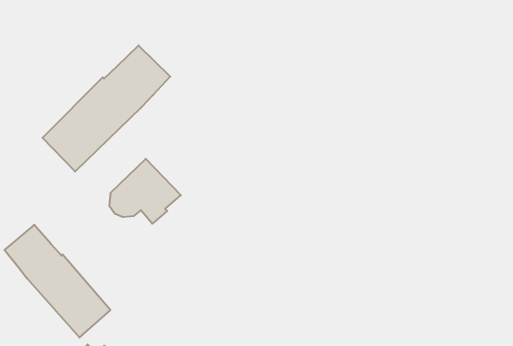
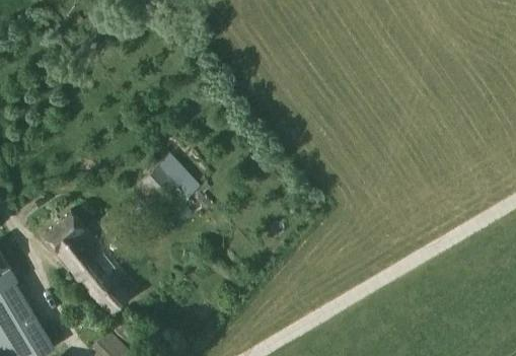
building: [42,45,170,172] -> none

